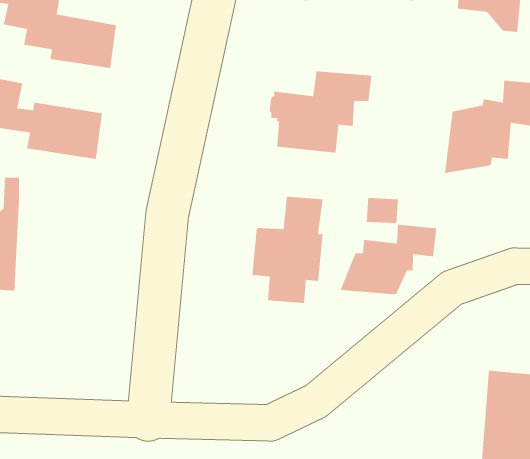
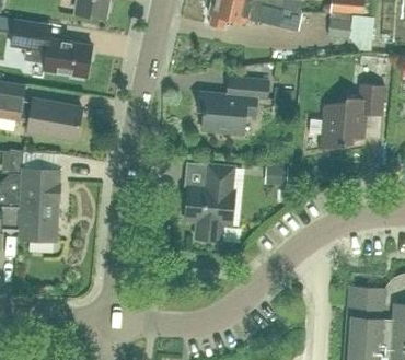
building: none -> [20,152,61,242]
building: [339,224,437,295] -> none

